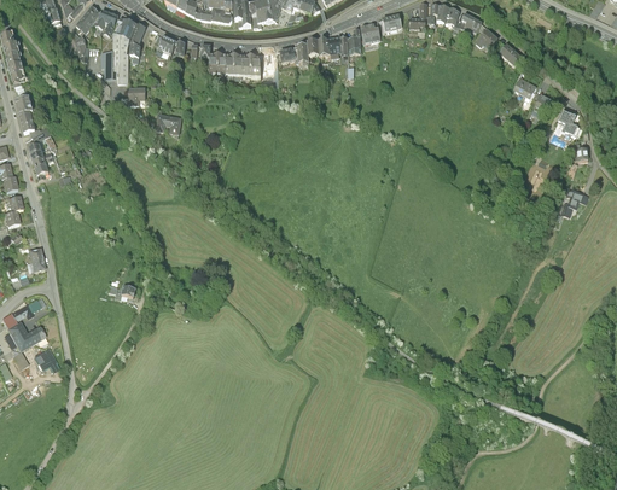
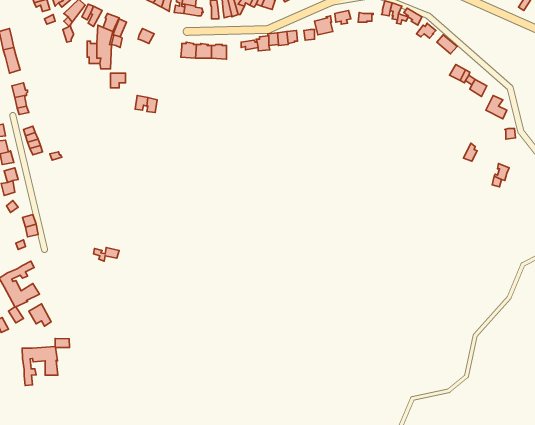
building: none -> [22,339,70,386]

